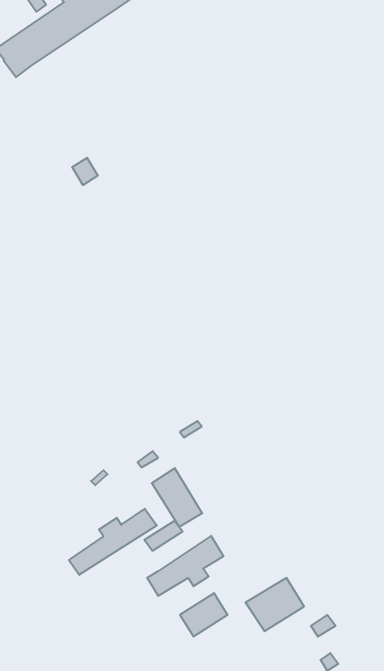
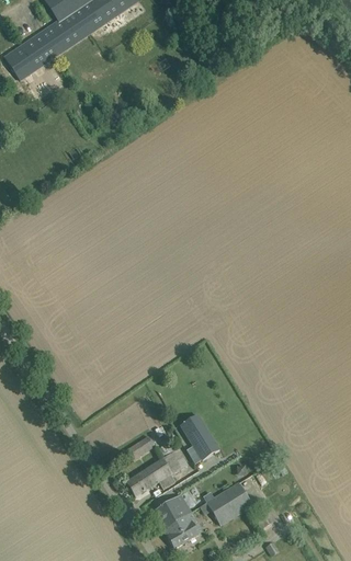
building: [152,468,202,527] -> [180,413,220,460]
building: [69,509,157,575] -> none
building: none -> [163,511,200,547]

